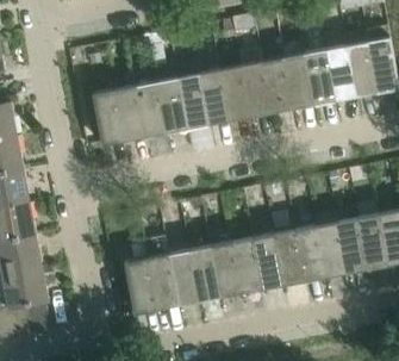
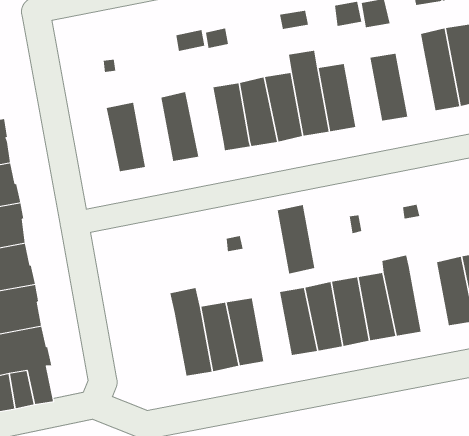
building: [325,46,356,101] -> none
building: [283,54,313,110] -> none
building: [156,77,187,133] -> none
building: [114,86,145,142] -> none
building: [336,218,367,274] -> none
building: [210,242,241,298] -> [277,204,315,274]
building: [125,259,156,315] -> none

